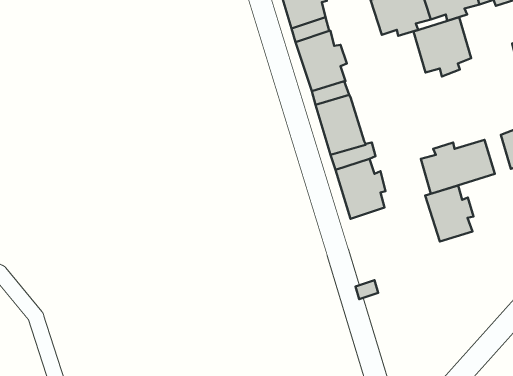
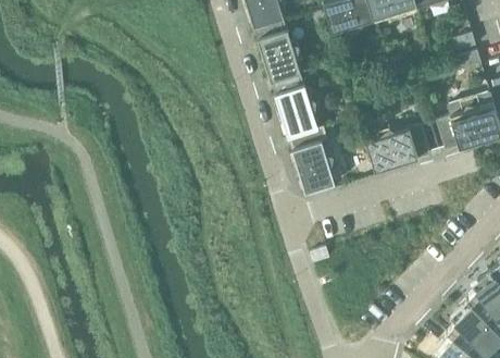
building: [413,17,471,76] -> none
building: [425,186,474,241] -> none

